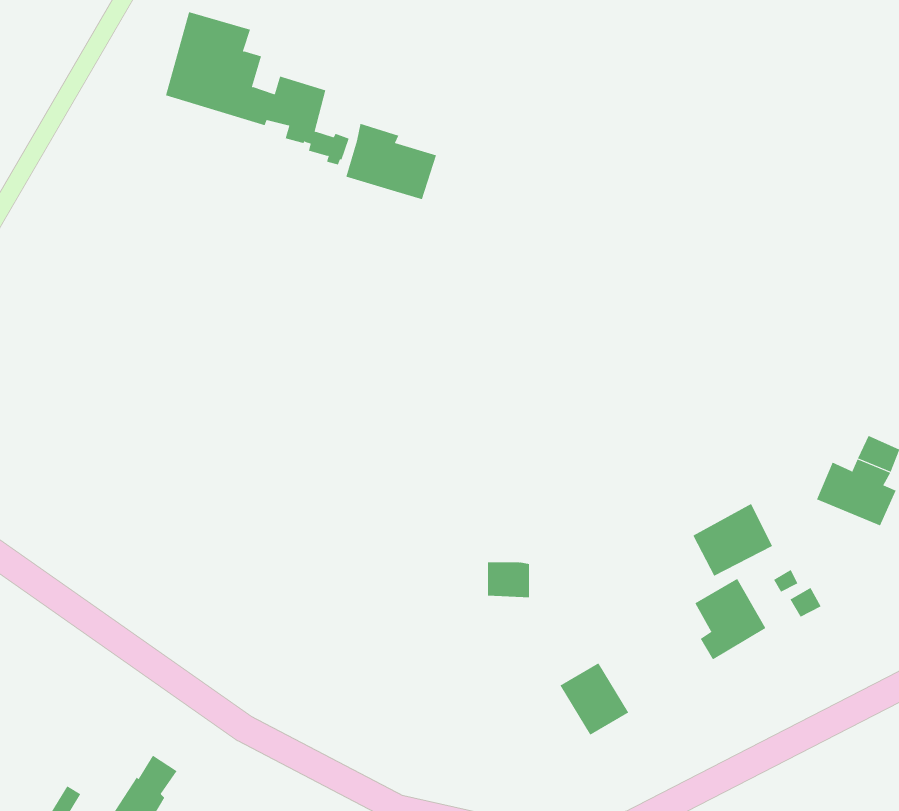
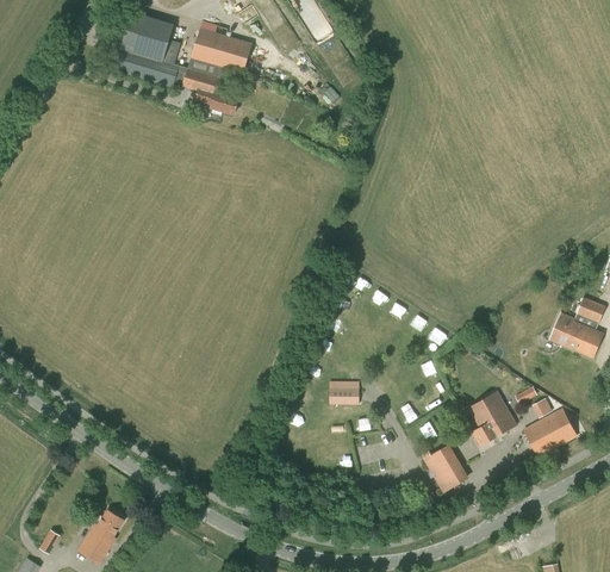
building: [346,123,437,200] -> [192,20,253,72]
building: [693,503,773,576] -> [523,408,577,456]
building: [559,662,629,736] -> [423,443,469,492]

